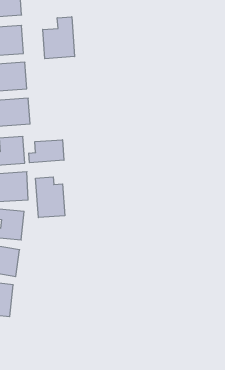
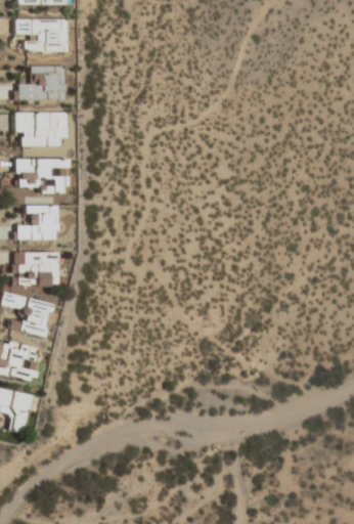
building: [43,17,75,59] -> none
building: [29,140,64,163] -> none
building: [36,177,65,218] -> none

